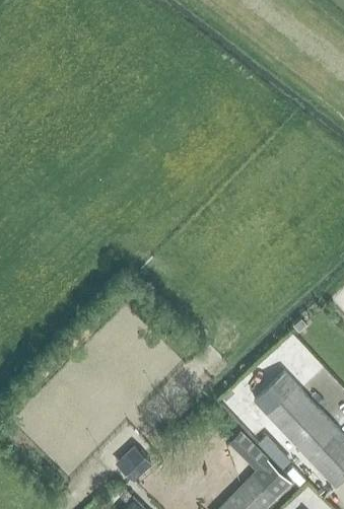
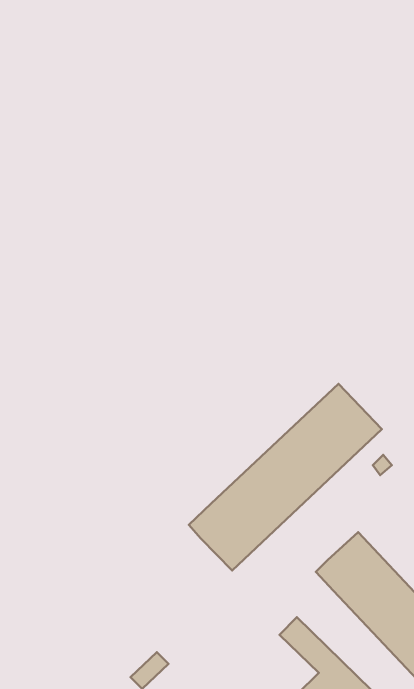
building: none -> [189,384,382,570]

